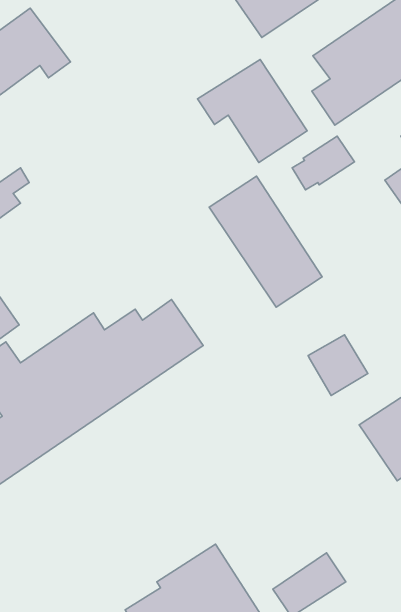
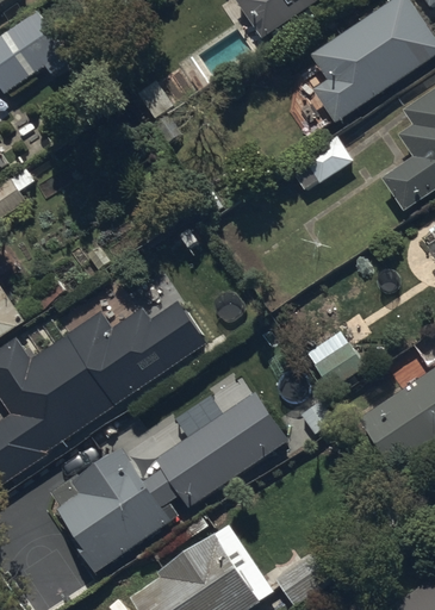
building: [198,59,307,163] -> none
building: [209,176,322,307] -> none
building: none -> [45,391,288,571]

